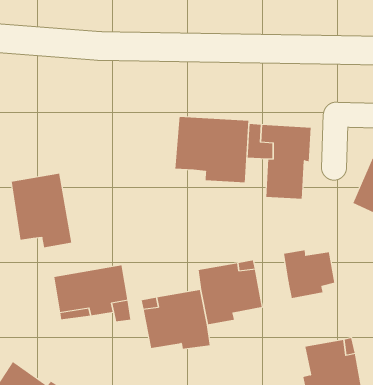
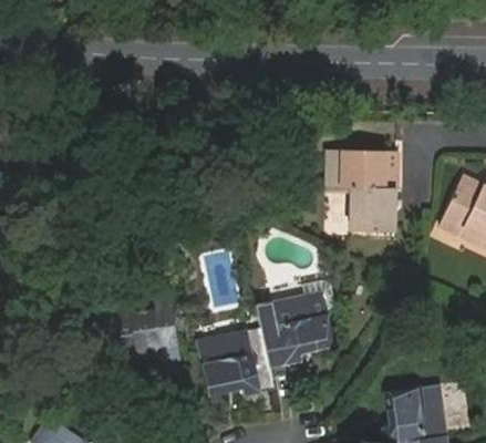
building: [175,116,249,183] -> none
building: [11,173,72,248] -> none
building: [283,249,335,299] -> none

